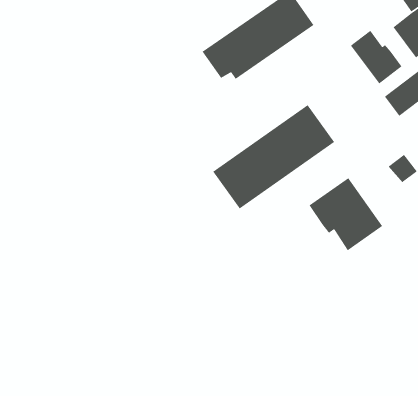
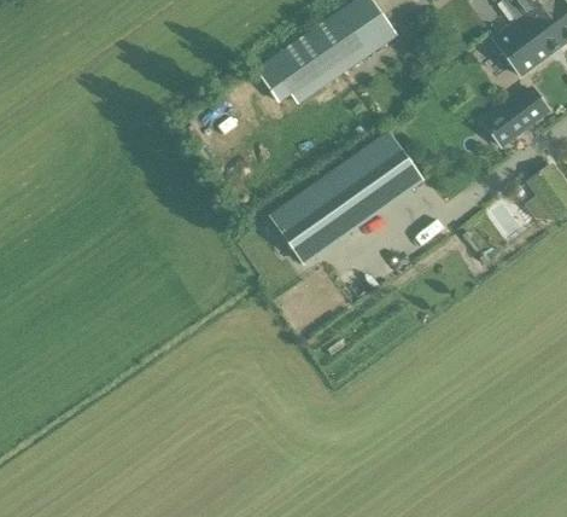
building: [350,29,402,85] -> none
building: [309,177,383,252] -> none

